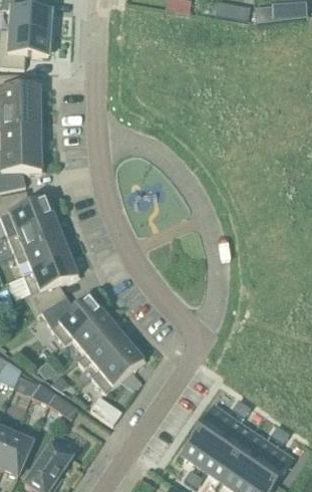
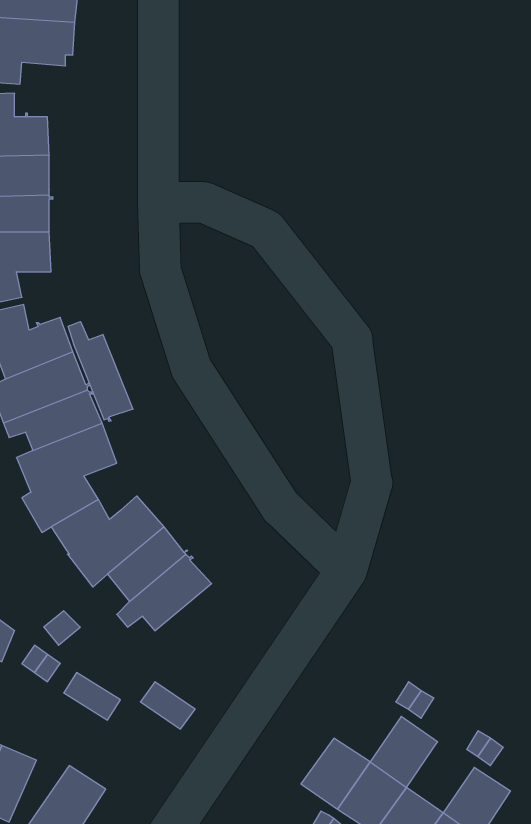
building: none -> [68,322,133,421]
building: [90,342,143,393] -> none
building: [197,402,234,441] -> none
building: [237,430,274,469] -> none

